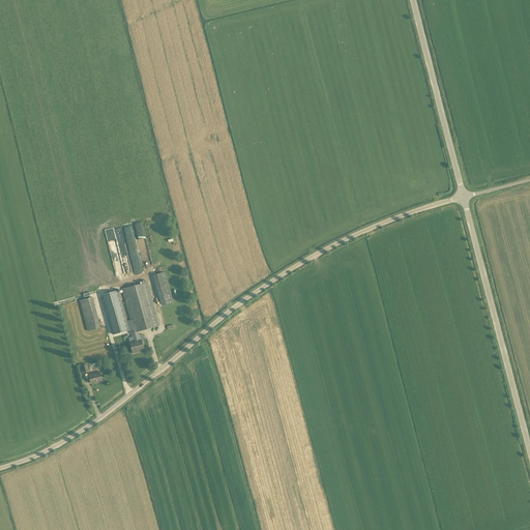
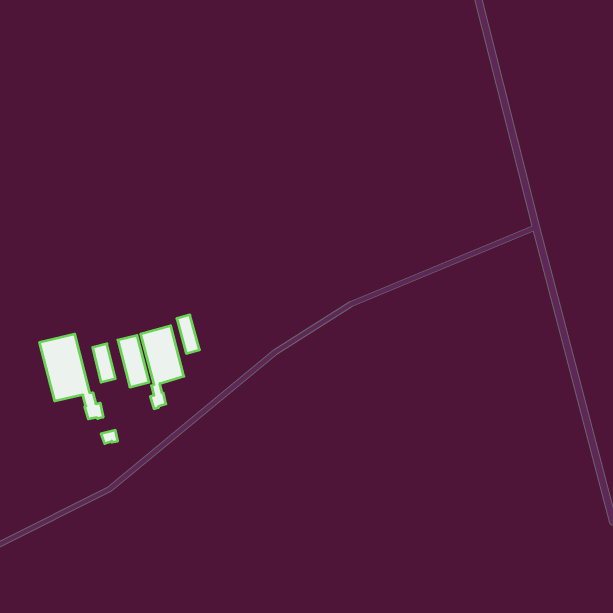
building: [114,226,137,273] -> none
building: none -> [40,334,103,419]

